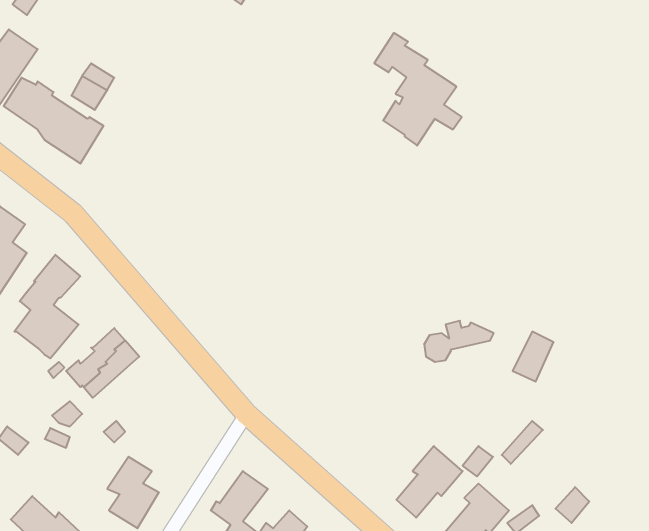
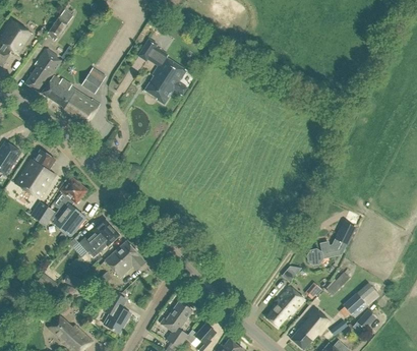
building: [374,33,462,146] -> [138,40,188,104]
building: [424,321,494,362] -> [306,242,346,266]
building: none -> [104,241,144,278]
building: none -> [343,283,379,318]

